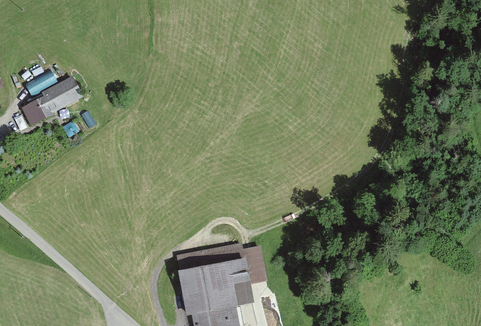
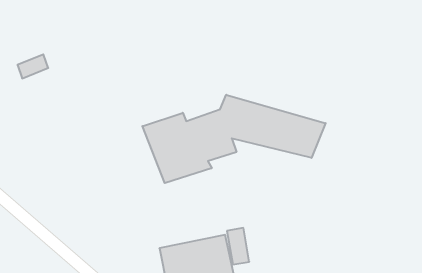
building: [18,82,79,130] -> none
building: none -> [142,95,326,183]

